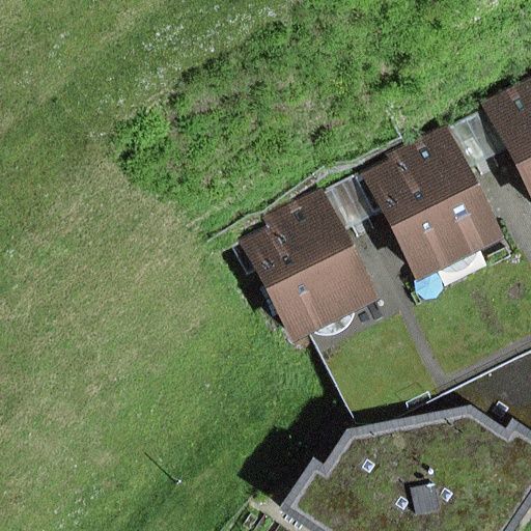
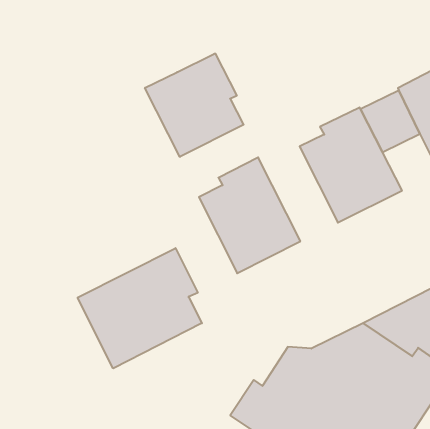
building: none -> [145,53,244,157]
building: none -> [78,248,202,368]

